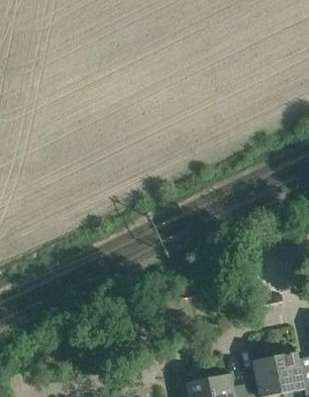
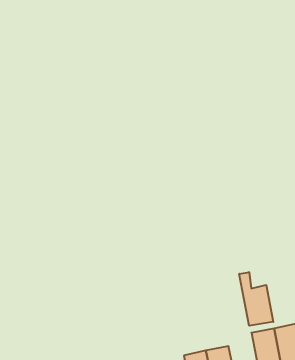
building: none -> [239,272,273,326]

